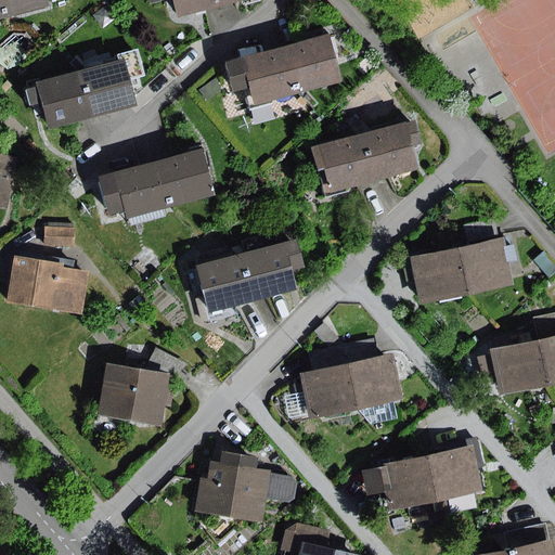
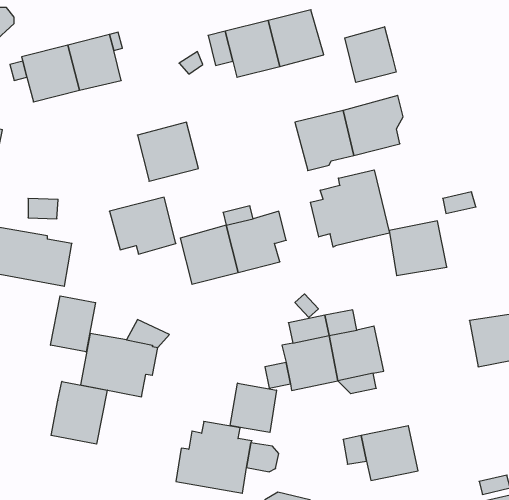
building: none -> [345,27,396,82]
building: [98,162,165,219] -> [109,197,176,254]
building: none -> [310,170,390,247]
building: [456,240,512,295] -> none
building: none -> [51,296,96,352]
building: none -> [51,381,107,444]
building: none -> [230,383,276,432]
building: [427,446,481,501] -> none

